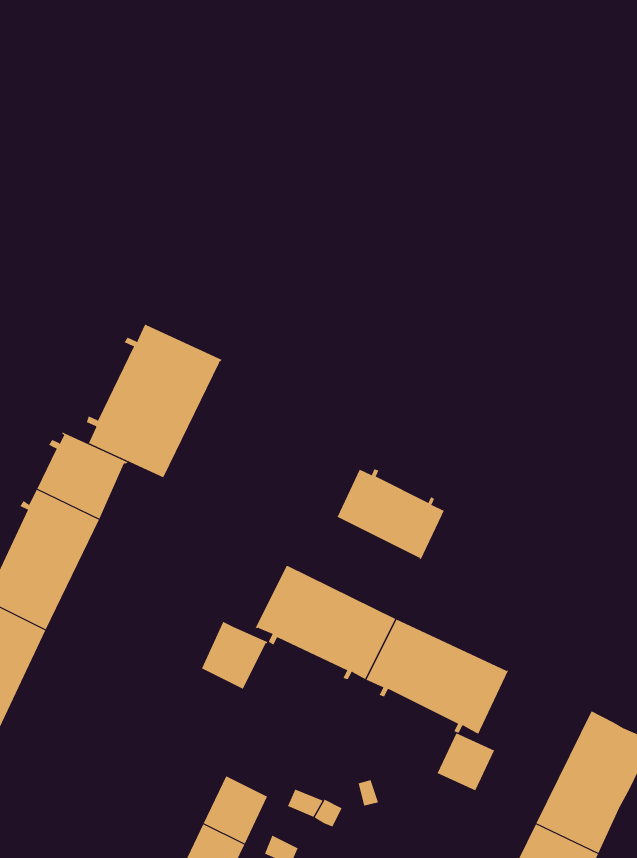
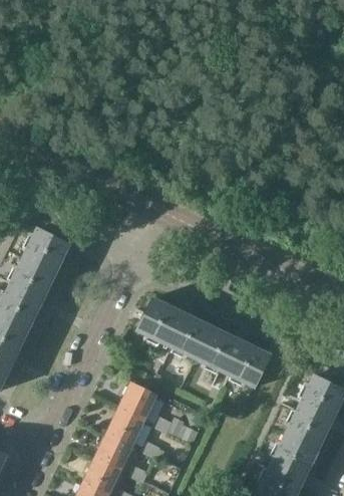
building: [86,323,223,478] -> none
building: [337,468,445,560] -> none
building: [201,621,268,690] -> [120,384,155,420]
building: [437,733,495,791] -> none

